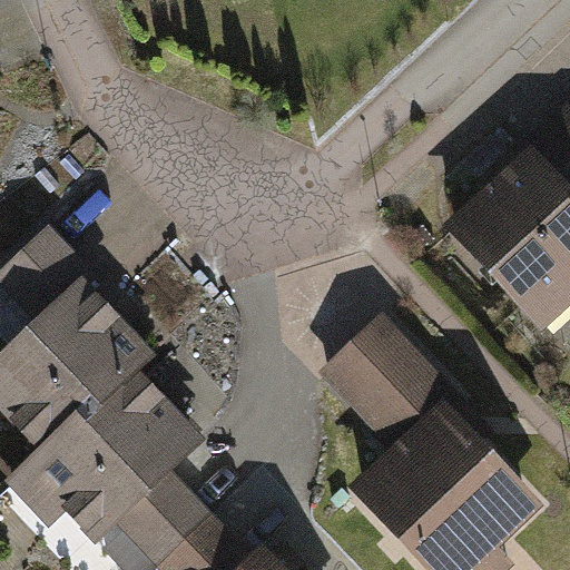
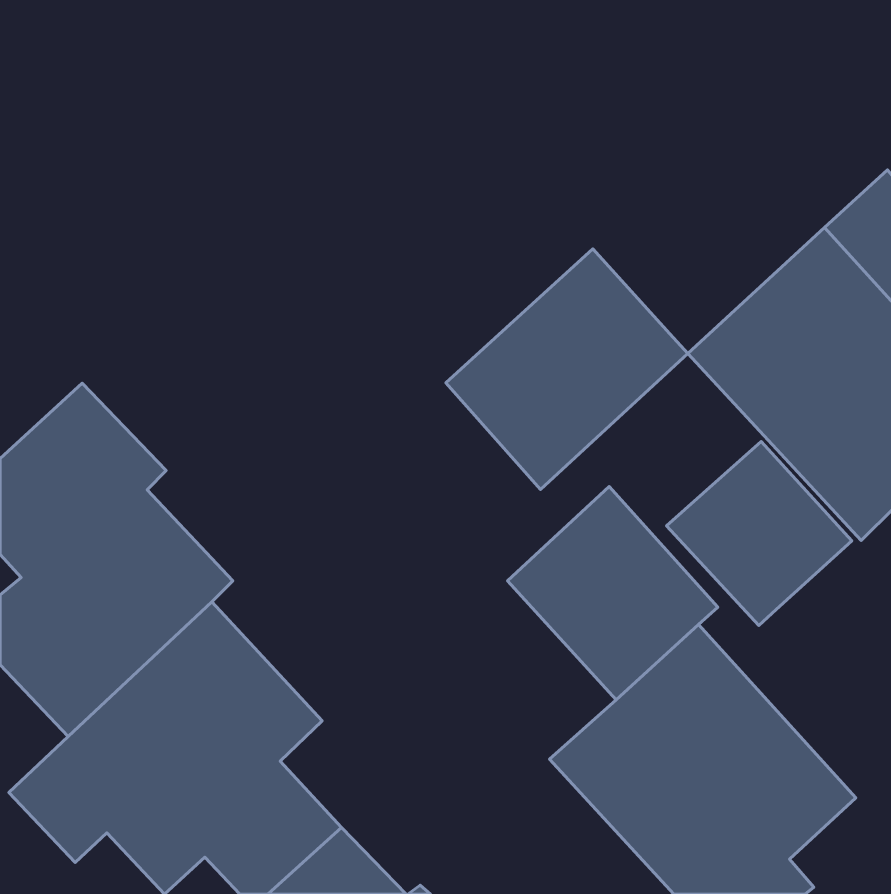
building: none -> [446,249,688,489]
building: none -> [667,441,852,625]

